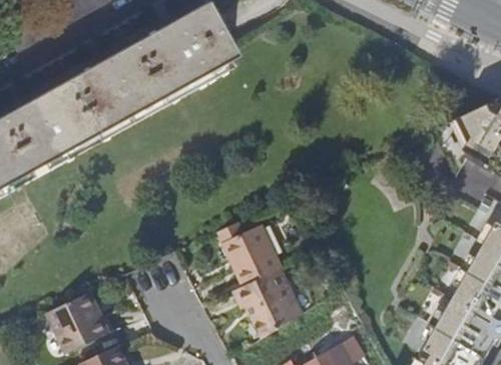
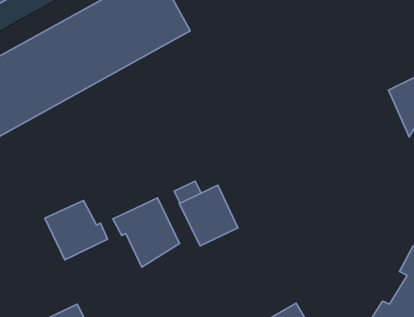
building: [236,265,304,335] -> [113,198,179,267]
building: [50,289,113,349] -> [45,200,107,260]

